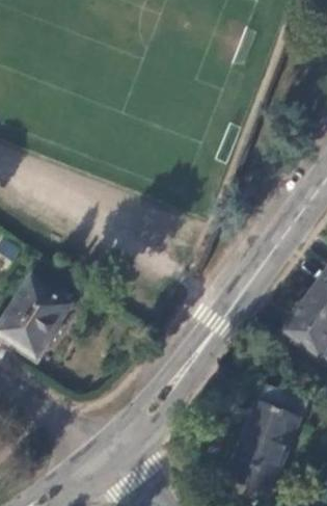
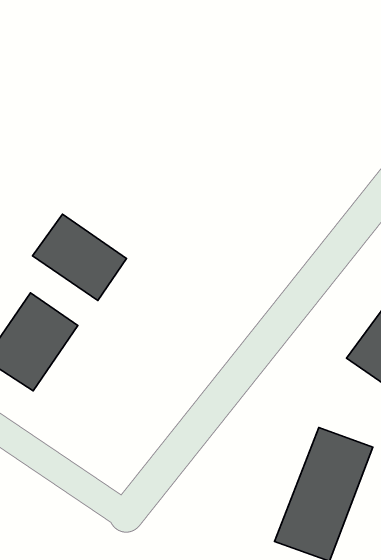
building: none -> [32,214,126,301]

